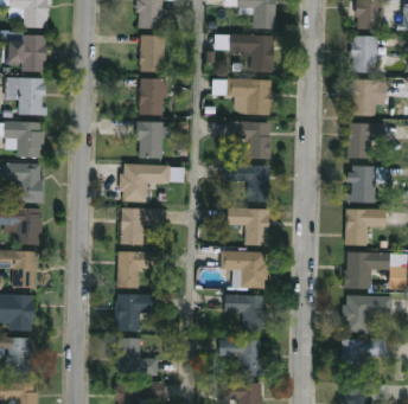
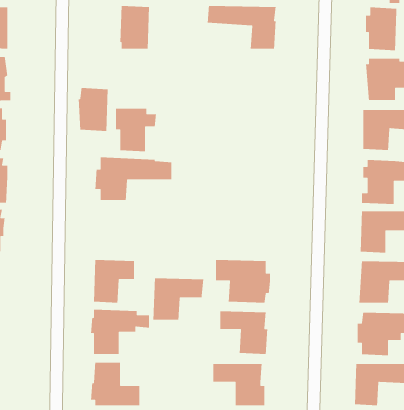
building: [139,77,165,115] -> [78,87,109,132]
building: [212,77,274,114] -> none
building: [231,120,272,158] -> none
building: [227,163,270,201] -> none
building: [121,207,165,244] -> [153,277,204,320]
building: [228,207,270,246] -> none

